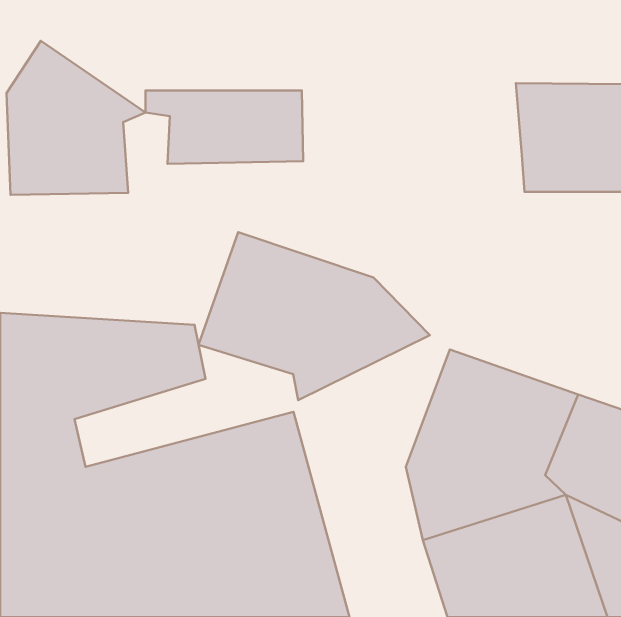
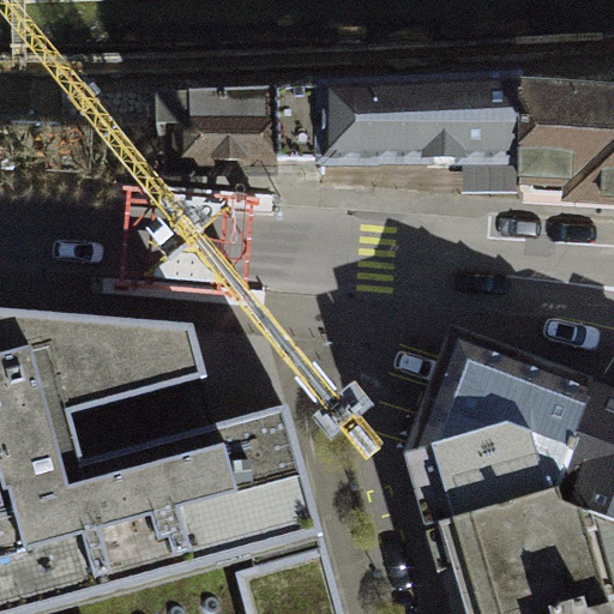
building: [7,41,145,195] -> none
building: none -> [300,82,516,158]
building: [198,232,430,400] -> none

